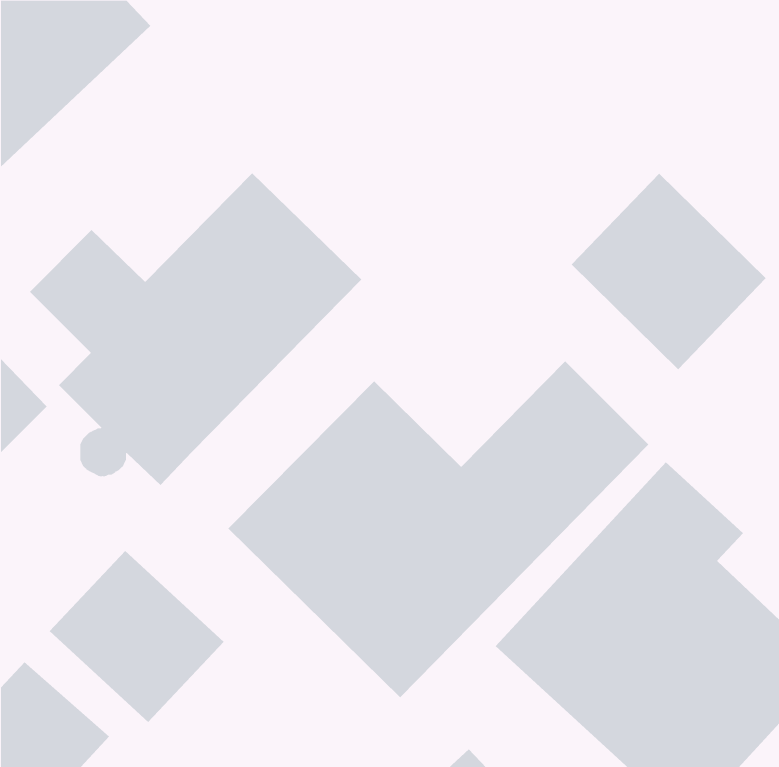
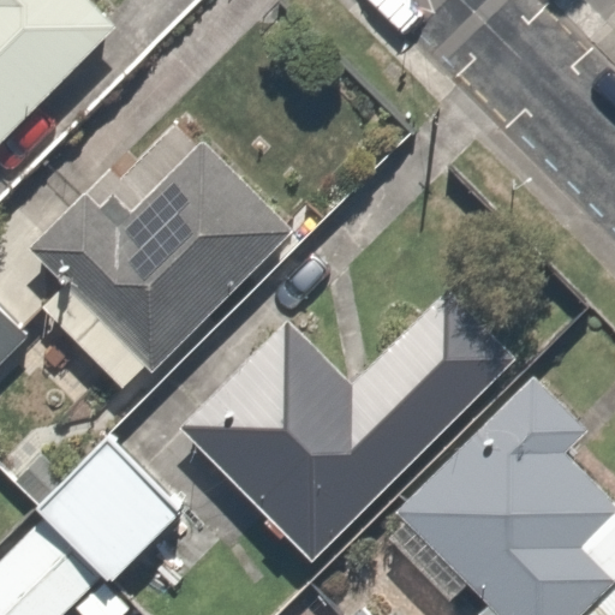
building: [571,173,766,370] -> none

